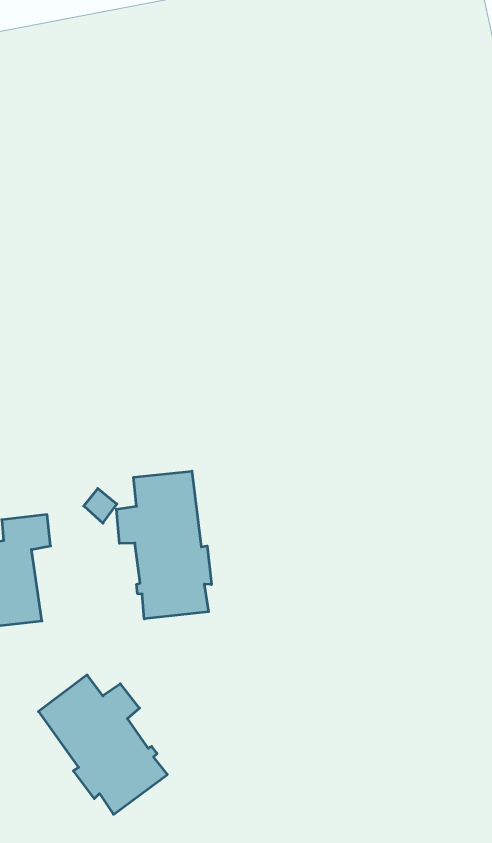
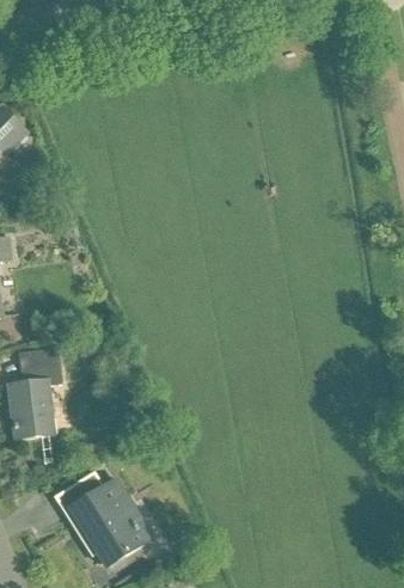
building: [116,471,211,619] -> none

